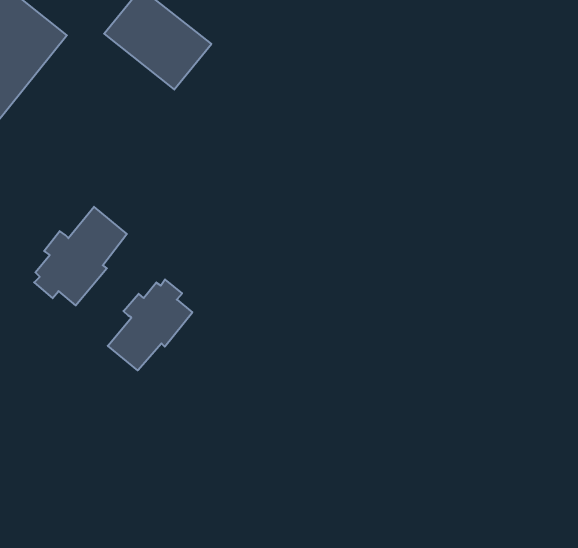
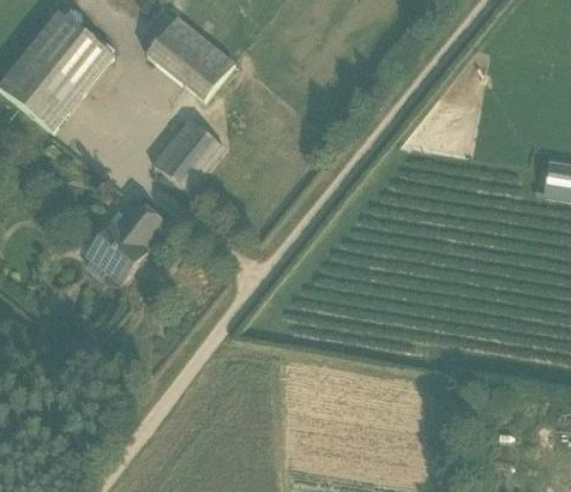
building: none -> [154,118,226,191]
building: [108,279,192,370] -> none

